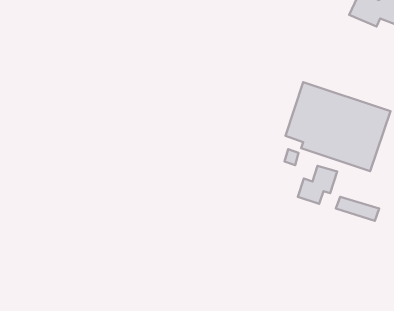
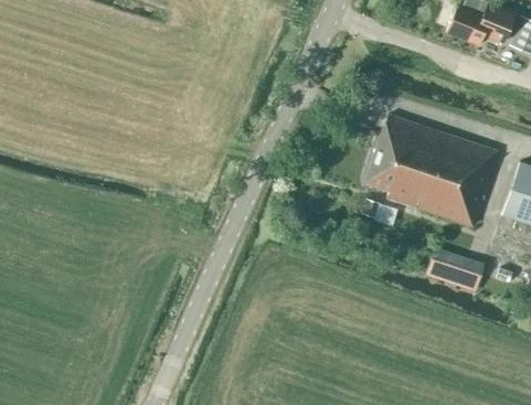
building: [298,166,337,204] -> none

